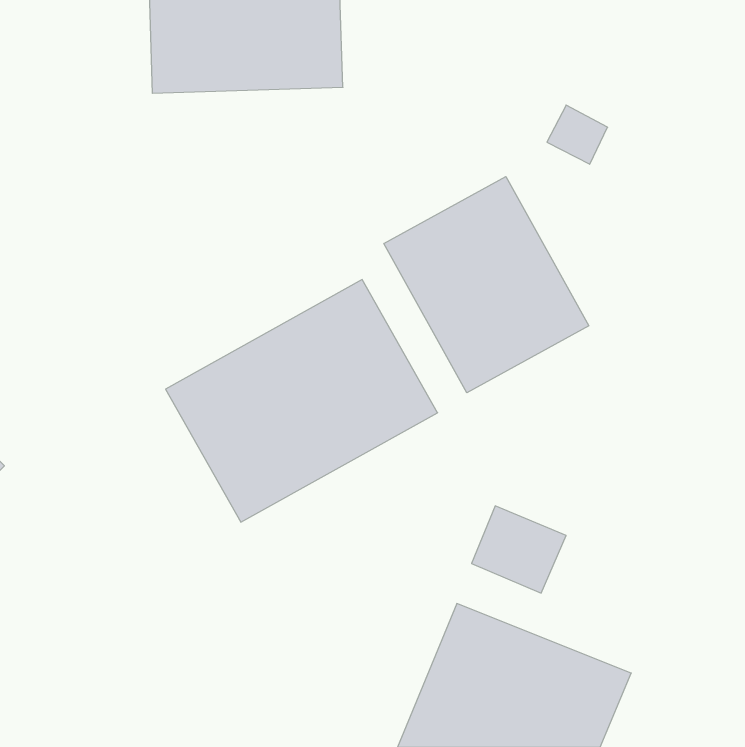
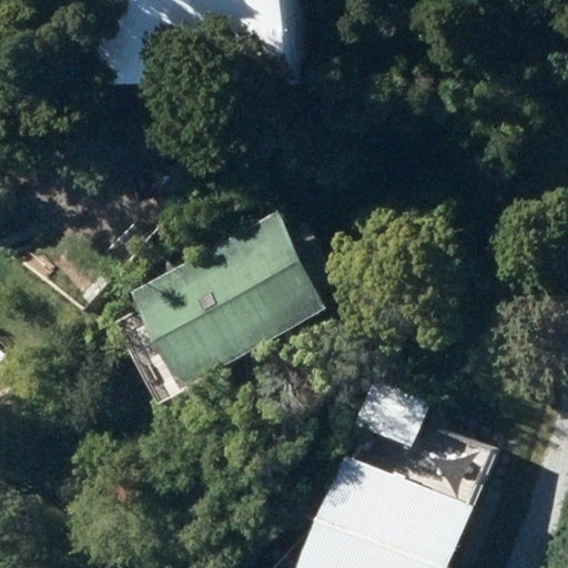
building: [384,177,589,393] -> none

